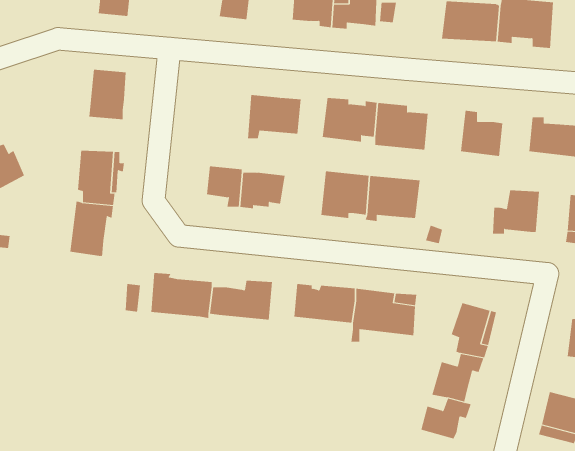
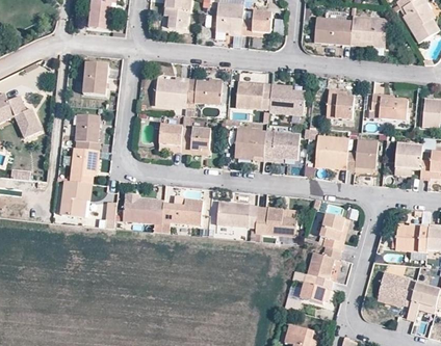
building: none -> [155,77,188,107]
building: none -> [315,135,349,169]
building: none -> [60,181,90,217]

